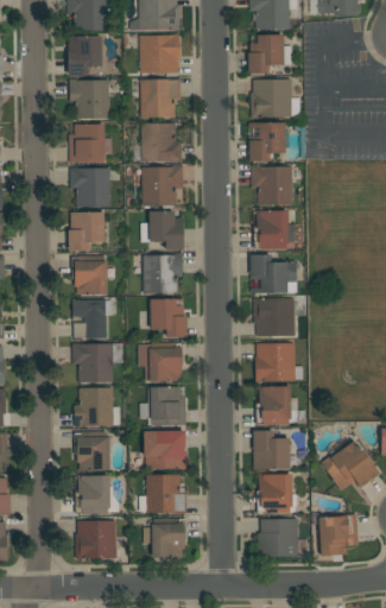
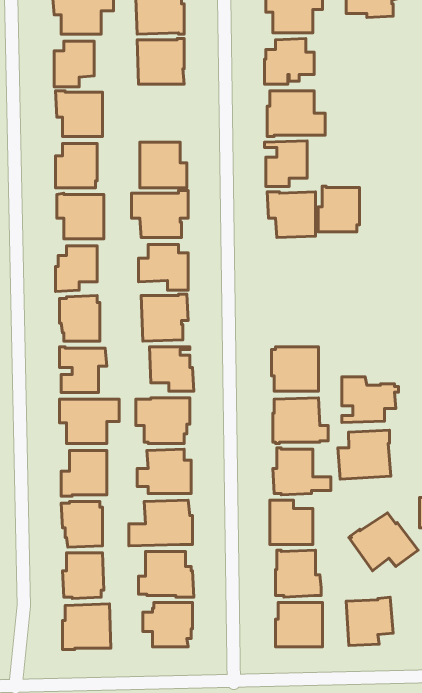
building: [140,78,181,119] -> none
building: [253,210,289,249] -> [318,186,360,232]
building: [251,255,299,294] -> [342,377,399,422]
building: none -> [338,430,391,479]

